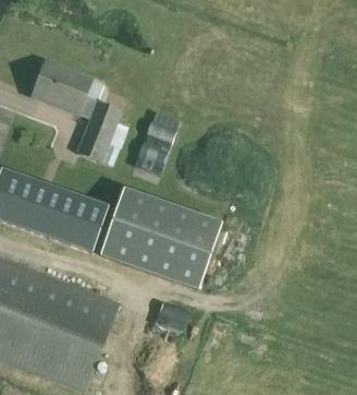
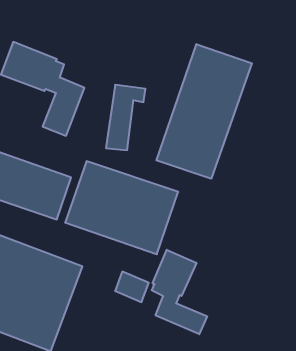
building: none -> [156,44,252,179]
building: none -> [152,250,207,334]

